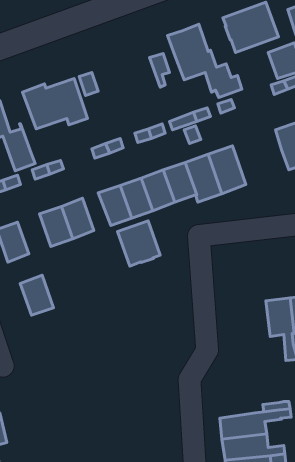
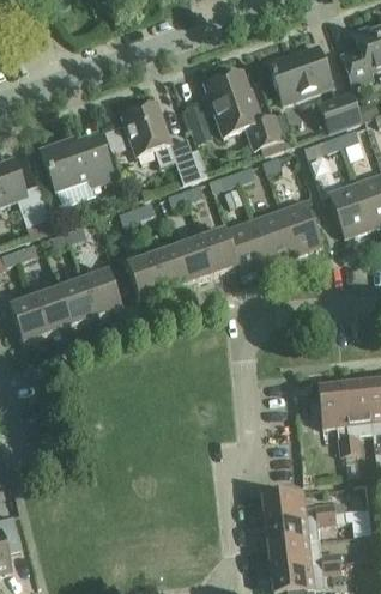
building: none -> [122,102,207,183]
building: none -> [279,200,322,254]
building: [118,221,160,266] -> none
building: [20,275,54,315] -> [34,287,72,333]
building: none -> [261,491,306,521]

